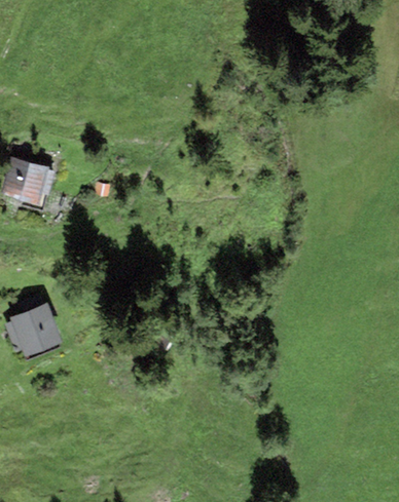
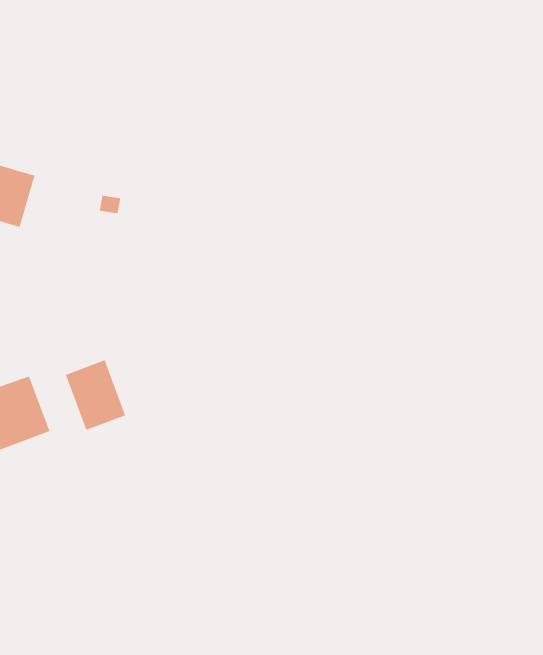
building: none -> [65,359,126,431]

